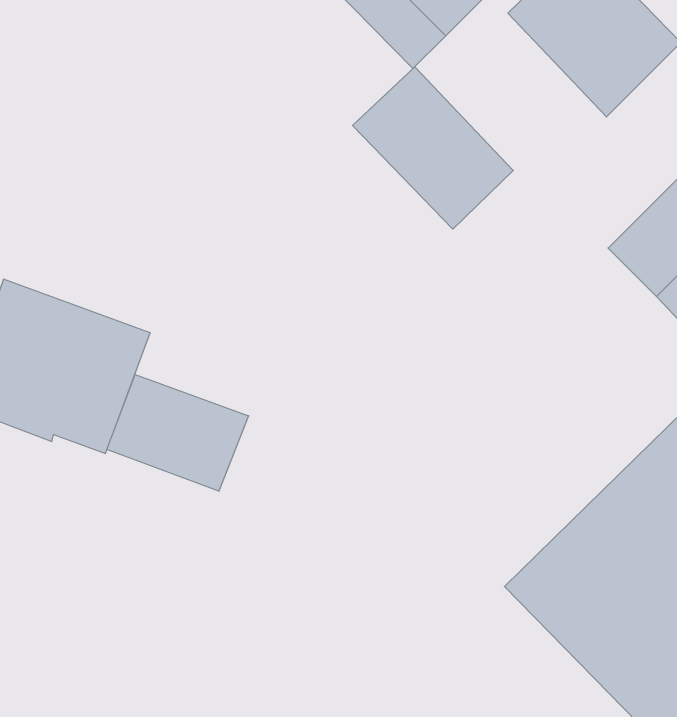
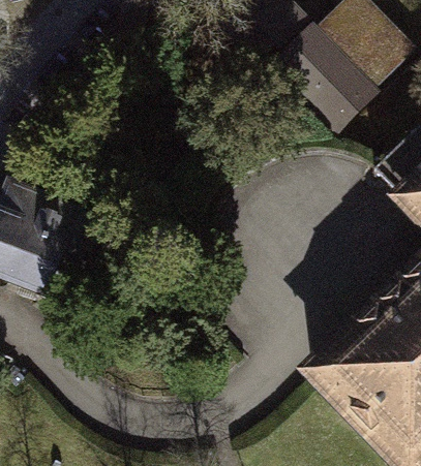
building: [353,67,513,229] -> [277,31,373,128]
building: [107,375,249,491] -> none

